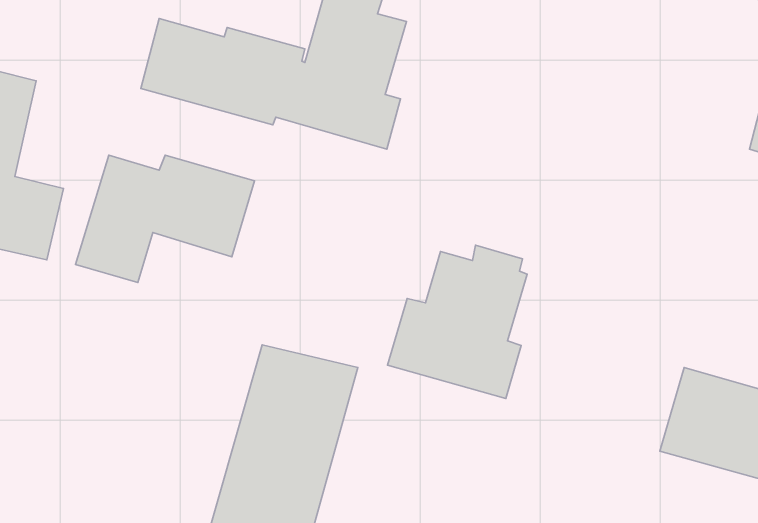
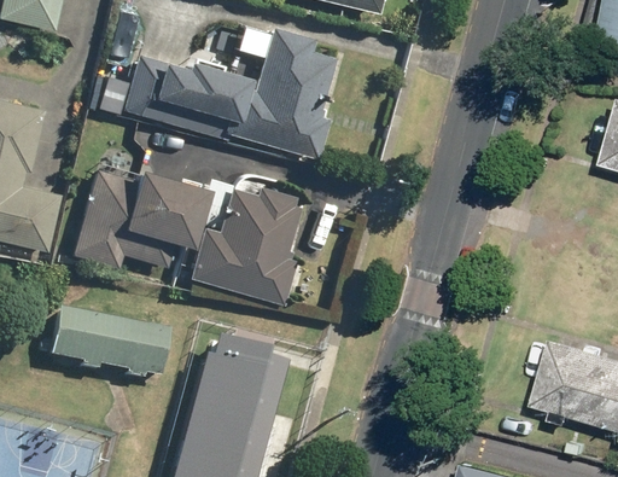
building: [387,245,527,399] -> [190,184,301,306]
building: none -> [48,308,163,379]

